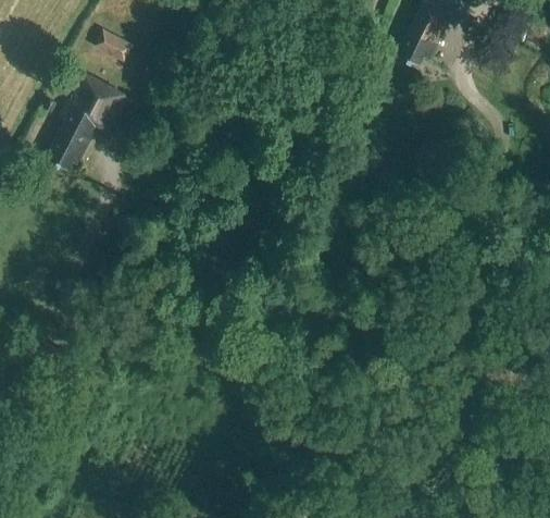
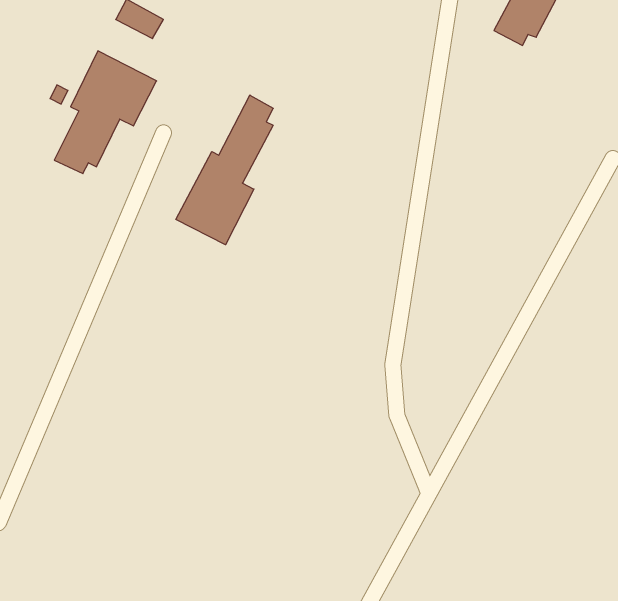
building: none -> [176,95,273,245]

